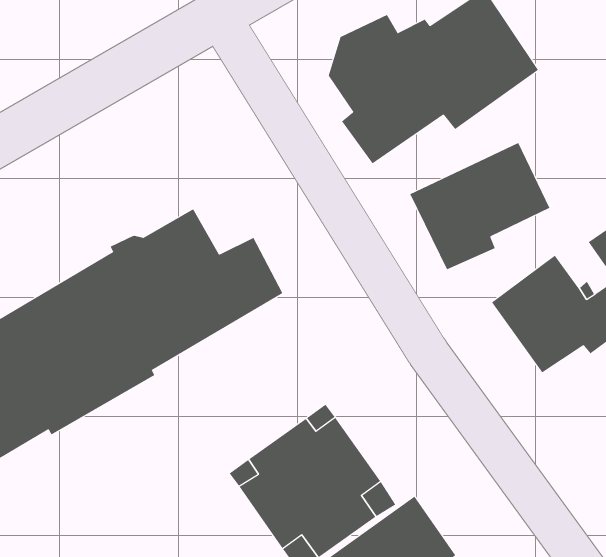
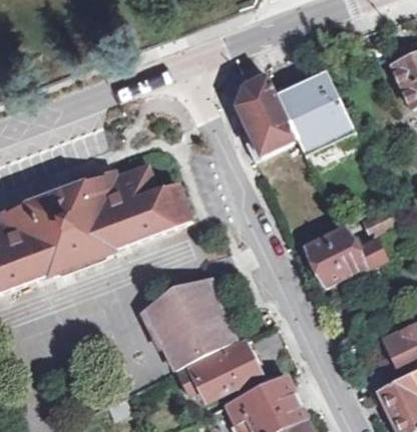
building: [409,142,550,270] -> none

